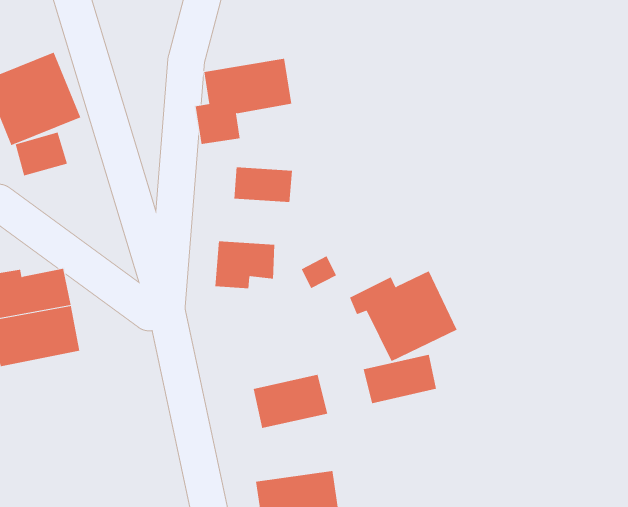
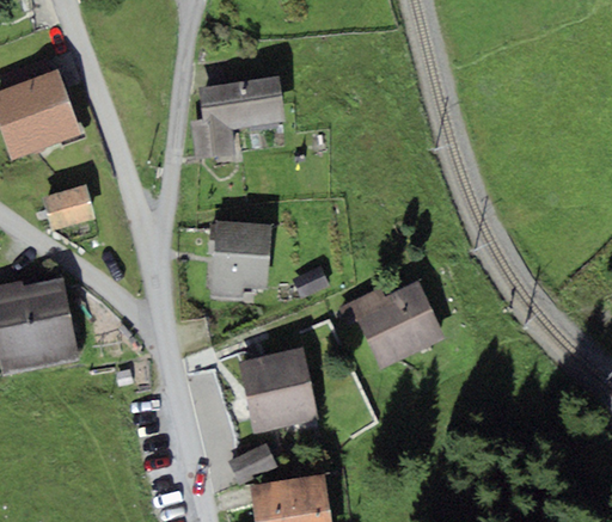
building: [15,132,68,176] -> [51,186,103,229]
building: [234,167,293,203] -> [213,220,270,254]
building: [363,354,437,404] -> [238,346,310,394]
building: none -> [227,442,277,485]

